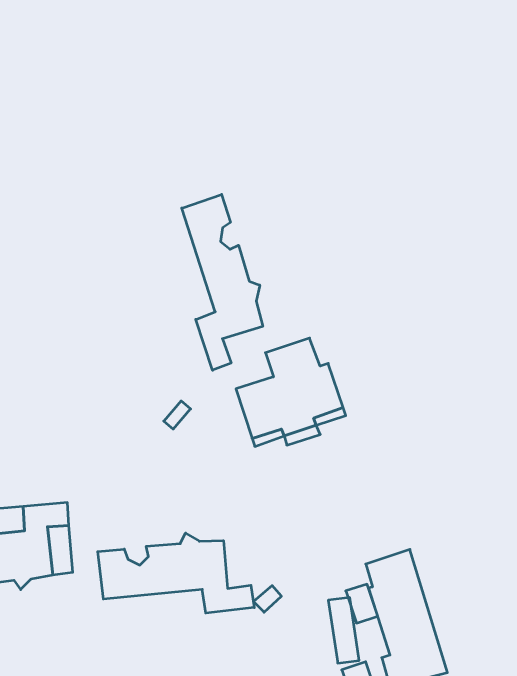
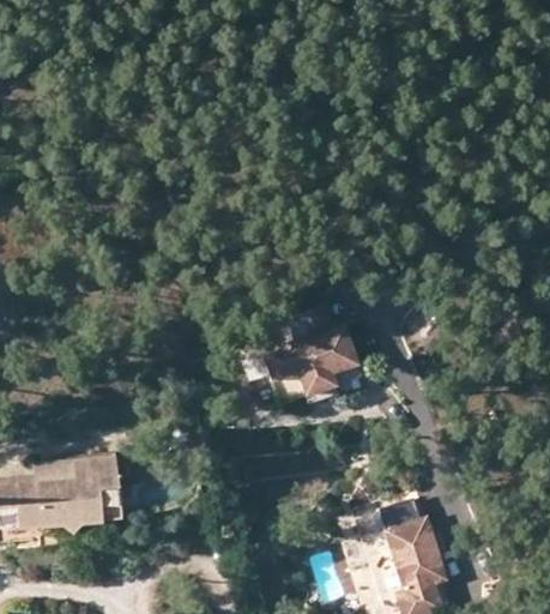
building: [182,194,263,370] -> none
building: [98,533,254,613] -> none

